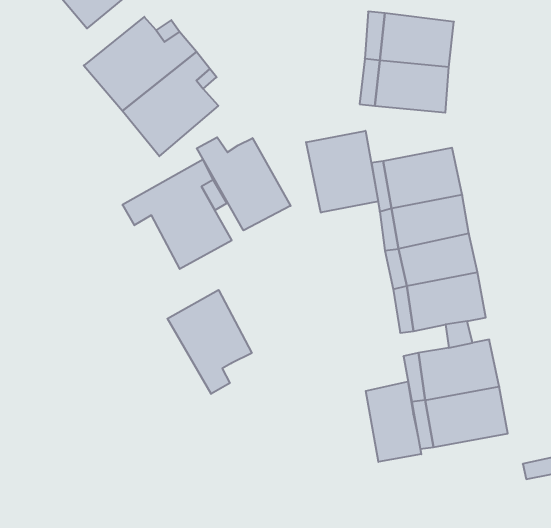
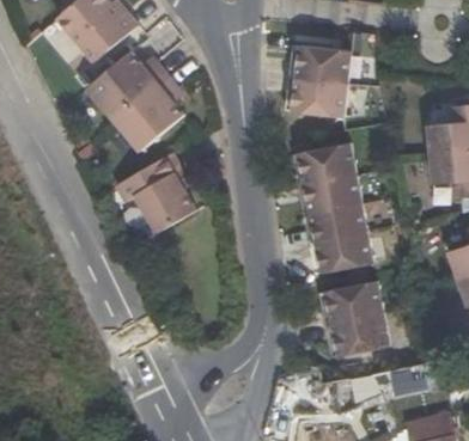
building: [306,131,378,213] -> none
building: [197,137,291,230] -> none
building: [167,290,252,394] -> none
building: [366,382,421,462] -> none

